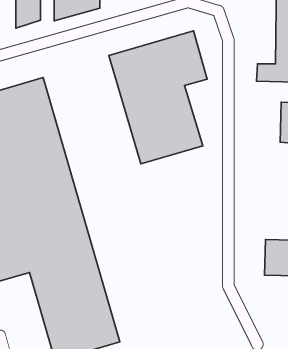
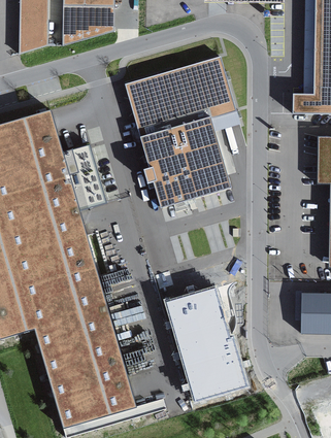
building: none -> [163,284,247,402]

